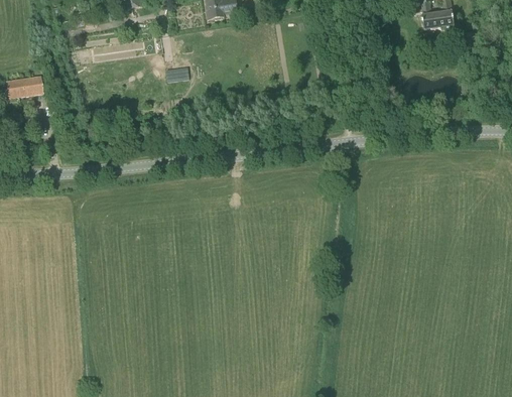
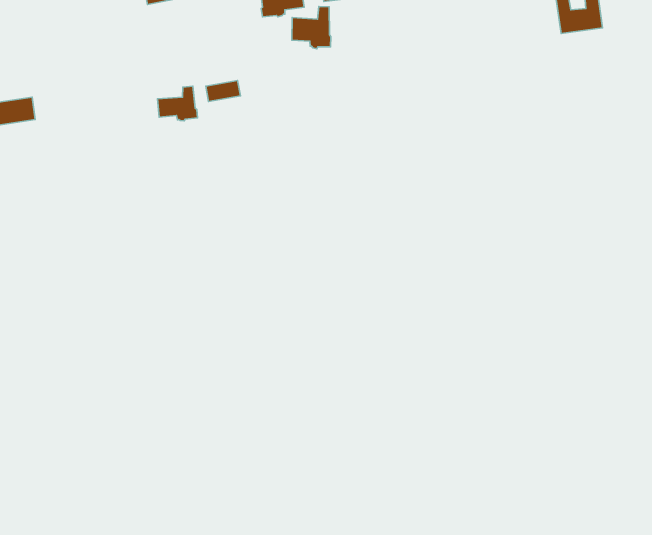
building: none -> [292,7,331,49]
building: none -> [158,86,197,121]

